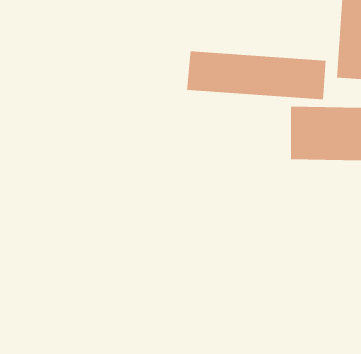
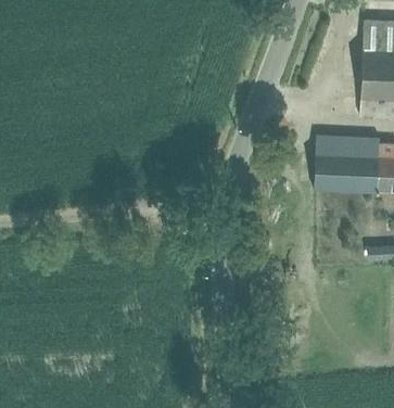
building: [186,51,326,100] -> none

